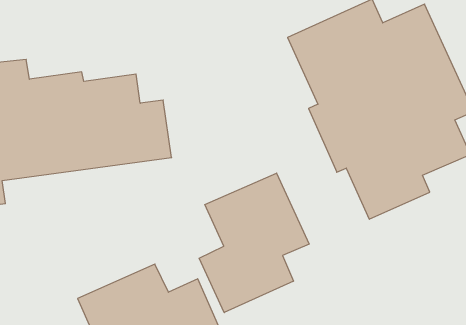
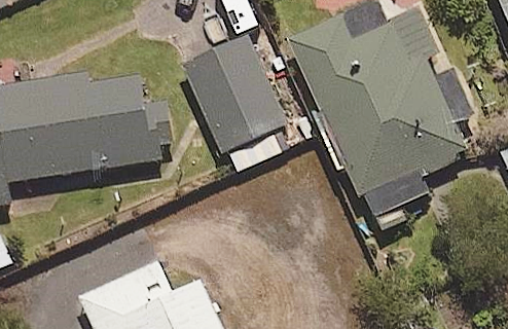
building: none -> [182,34,294,173]
building: [199,173,309,313] -> none

